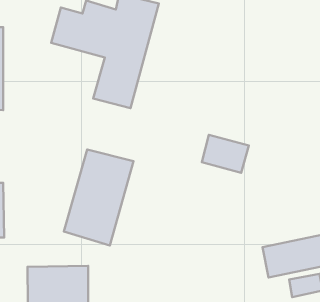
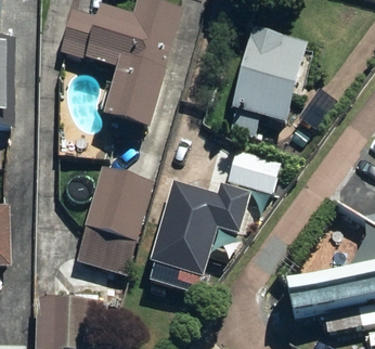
building: none -> [227,25,307,135]
building: none -> [151,184,250,275]

